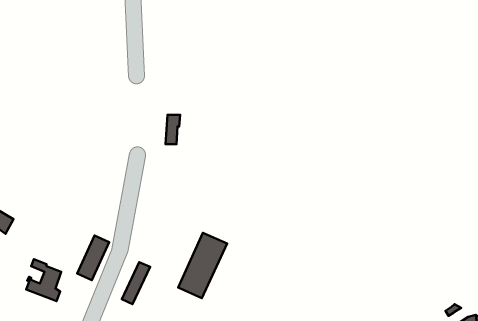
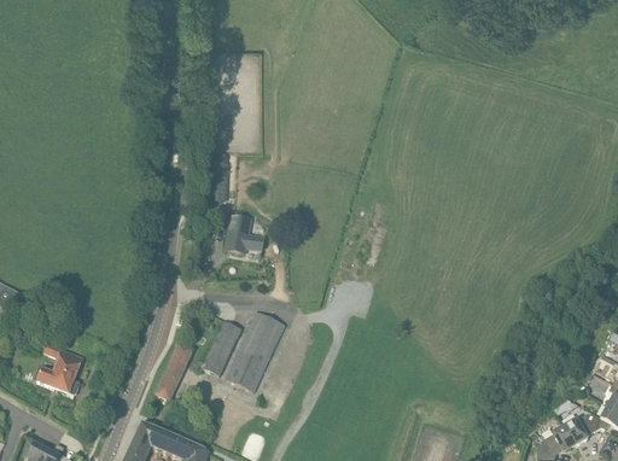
building: none -> [225,214,263,252]
building: [77,235,109,280] -> [200,320,240,375]

